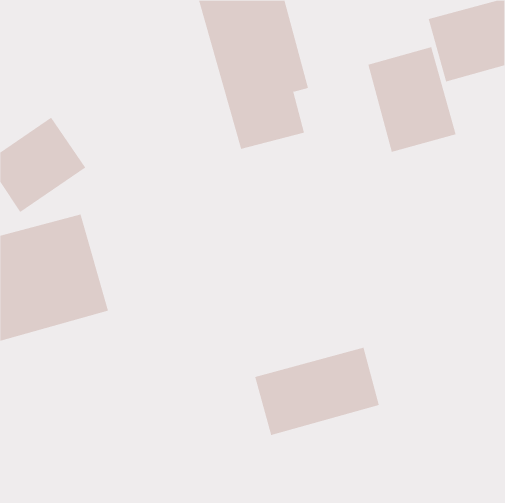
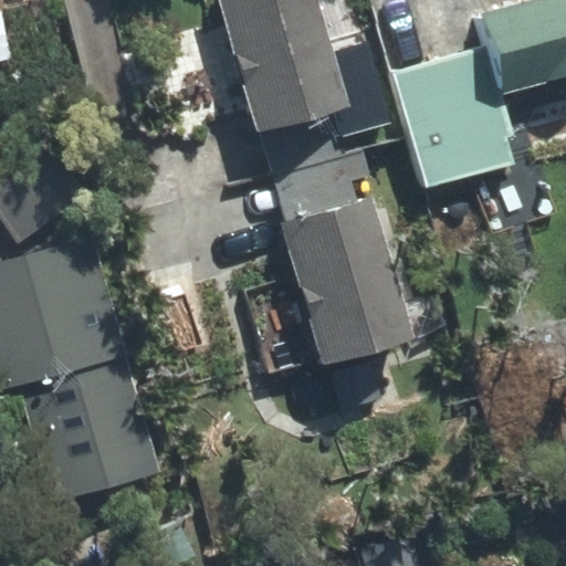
building: none -> [279,166,410,357]
building: none -> [28,371,157,500]
building: [254,347,380,436] -> none

